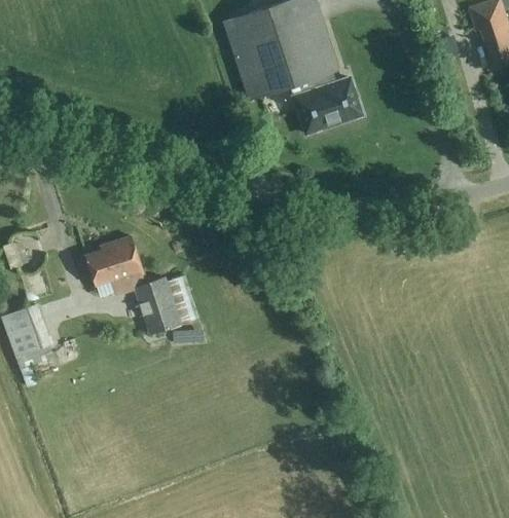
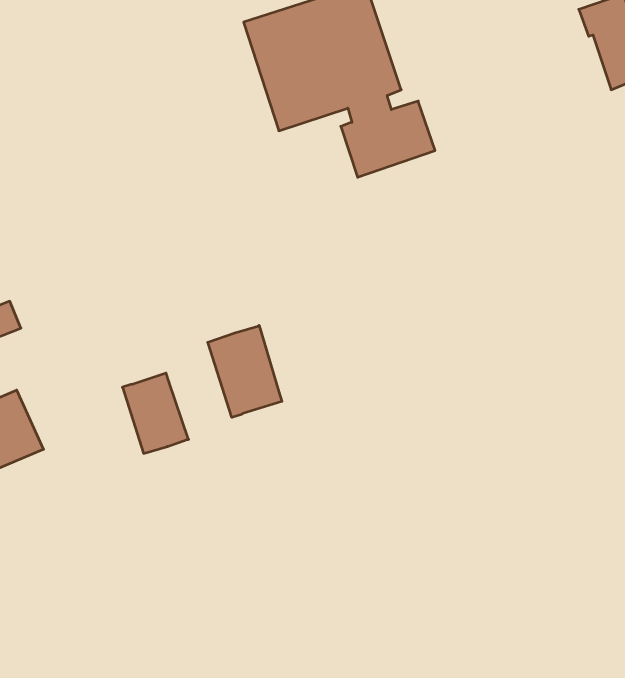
building: [86,235,144,292] -> none
building: none -> [208,325,282,417]

